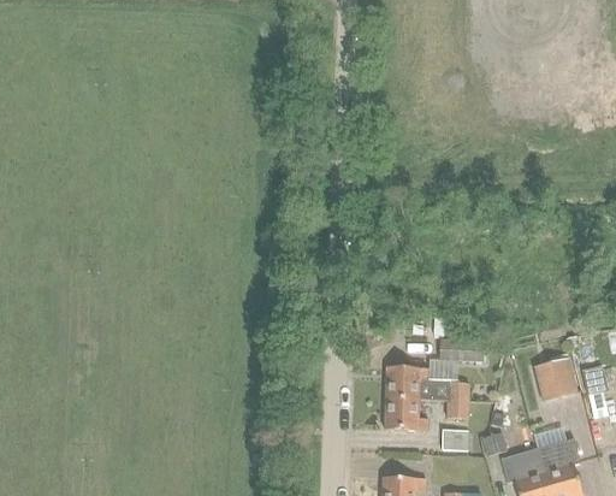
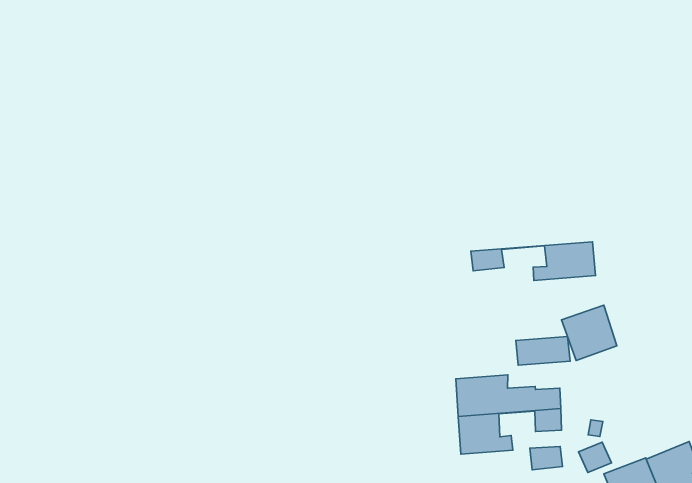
building: none -> [471,242,595,280]
building: [532,358,575,401] -> [562,305,617,360]

